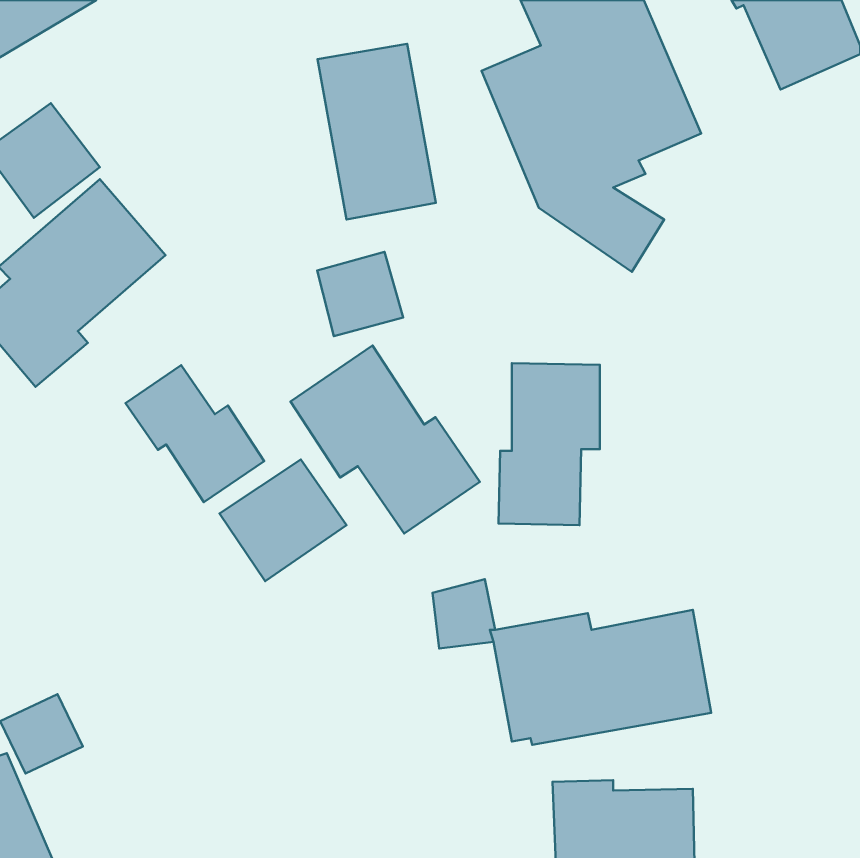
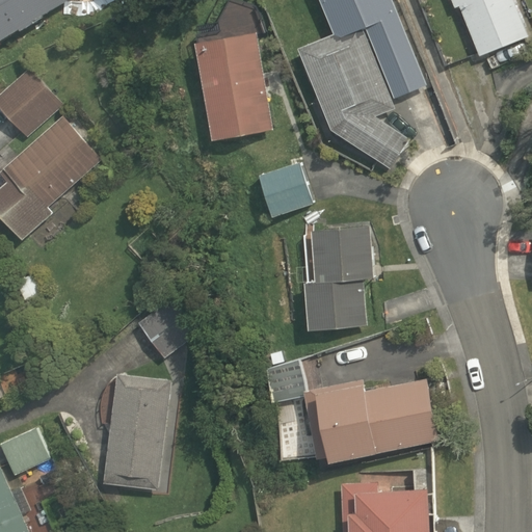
building: [317,252,403,336] -> [262,163,315,215]
building: [290,345,480,534] -> none
building: [126,365,264,502] -> none
building: none -> [105,373,172,491]

